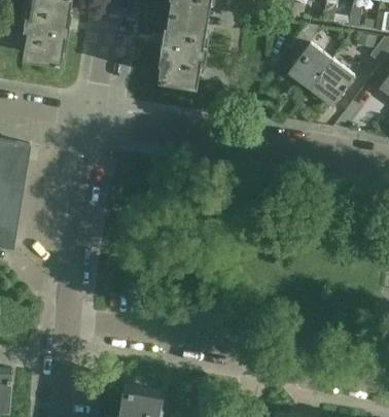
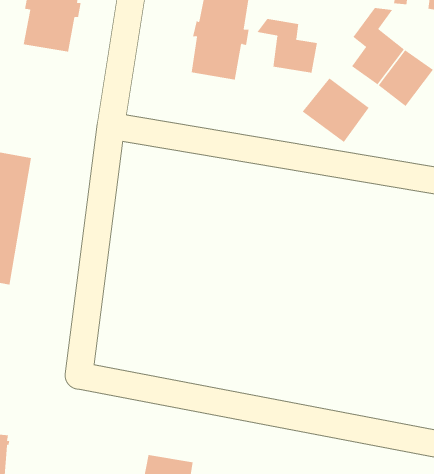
building: none -> [256,18,317,73]
building: none -> [302,77,370,143]

